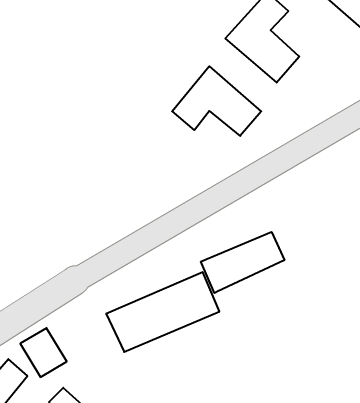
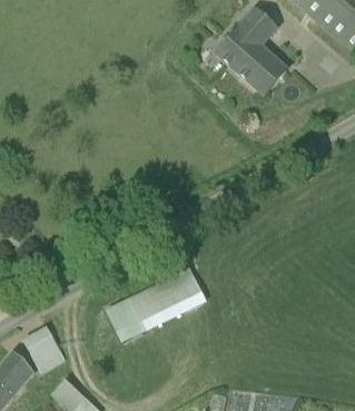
building: [172,66,261,136] -> none
building: [201,232,284,293] -> none

